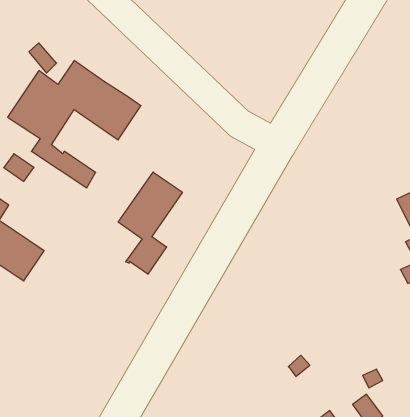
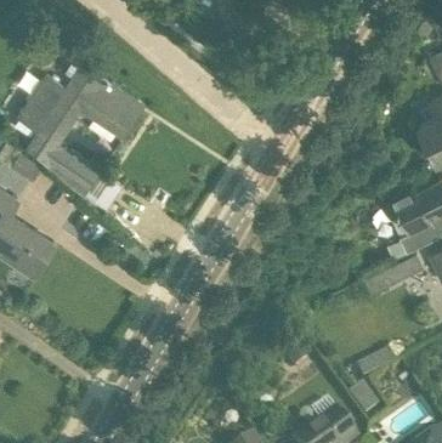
building: [118,172,182,274] -> none

